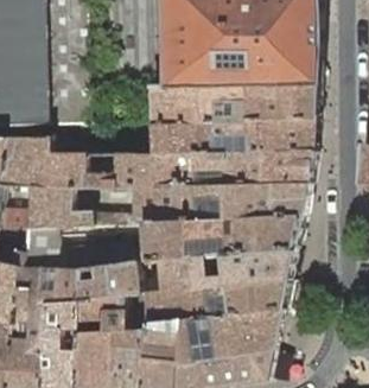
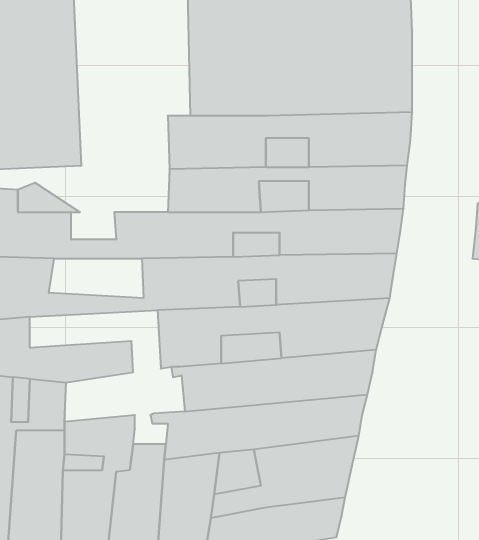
building: [77,262,139,299] -> none

